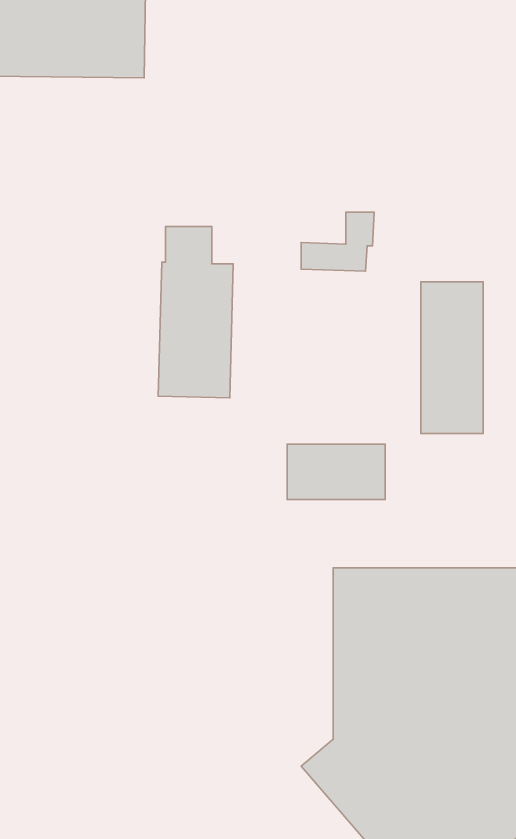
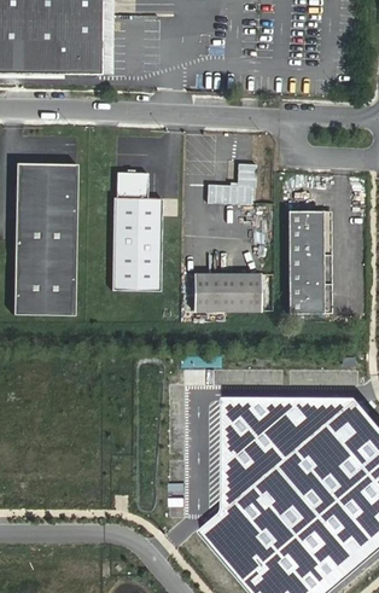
building: none -> [11,161,75,313]
building: [287,444,385,500] -> [193,272,260,309]

